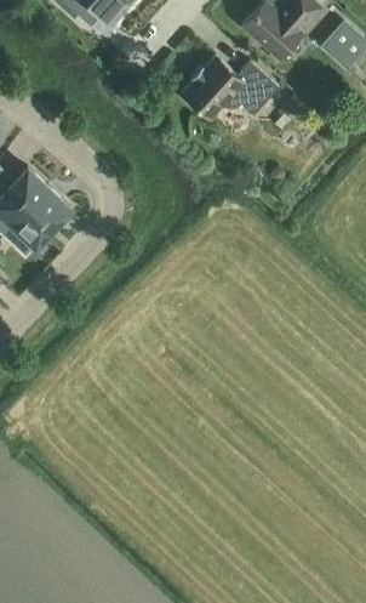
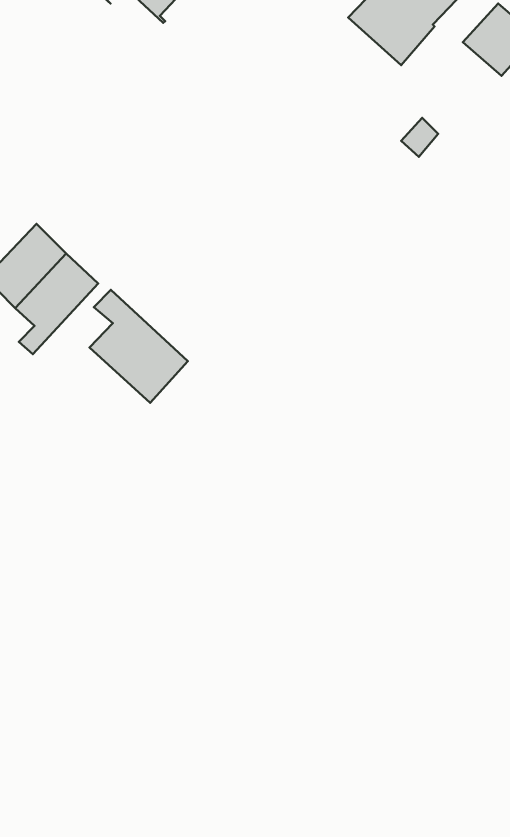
building: [182,57,279,119] -> none
building: none -> [90,290,188,403]

